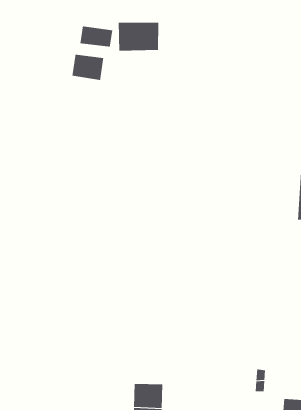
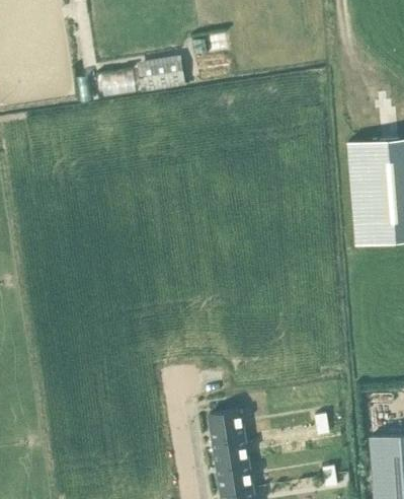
building: [72,54,104,81] -> none
building: none -> [207,415,241,445]

